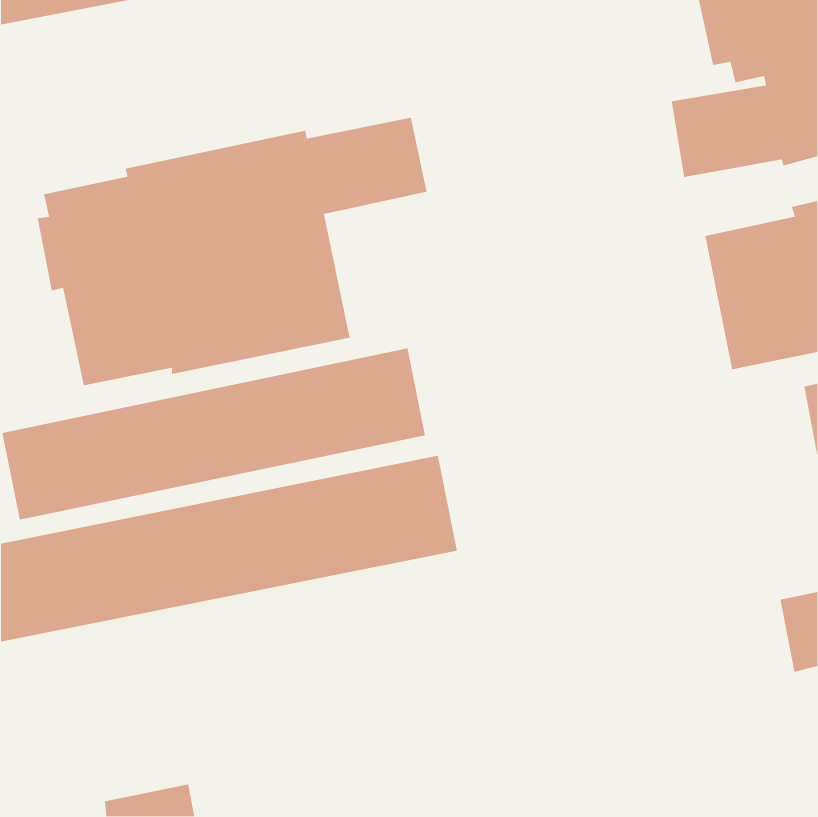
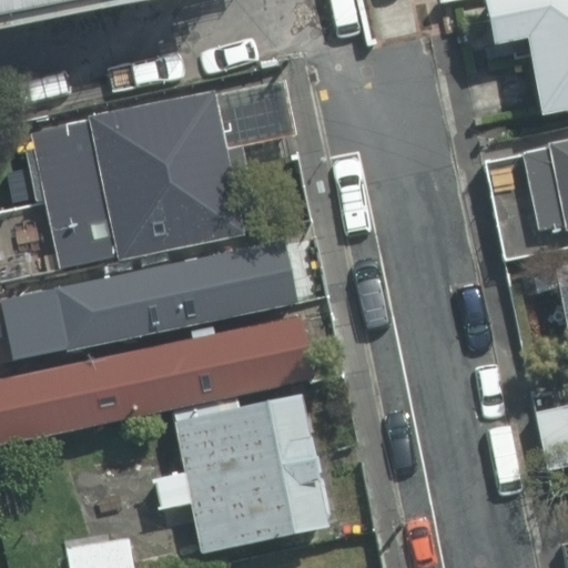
building: none -> [171,394,331,551]

